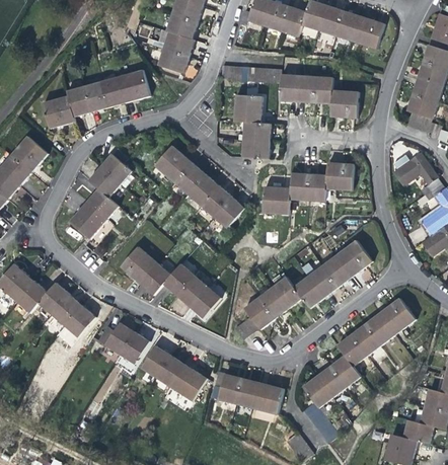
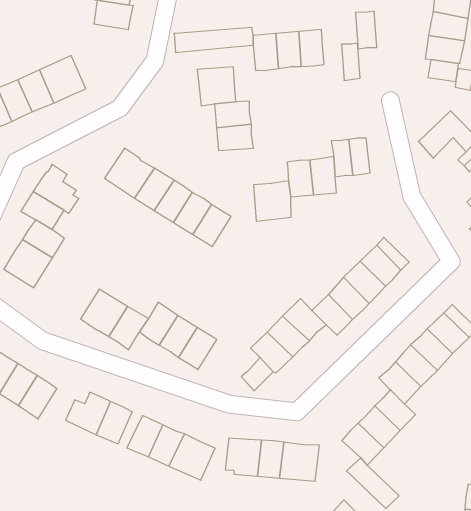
building: [158,48,189,73] -> none
building: [329,89,346,118] -> [355,11,377,49]

